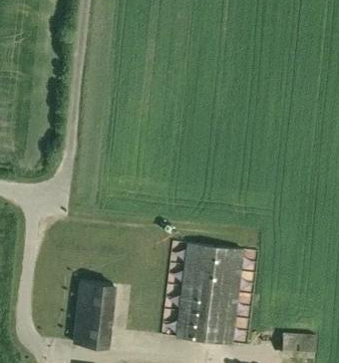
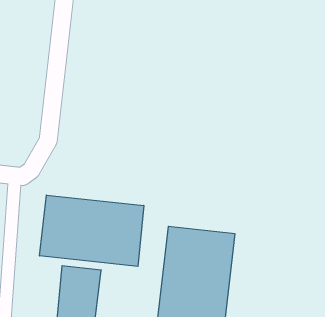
building: none -> [40,195,144,266]

